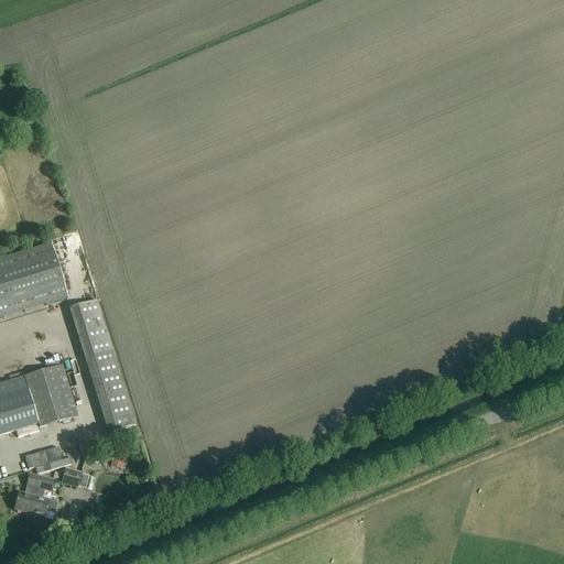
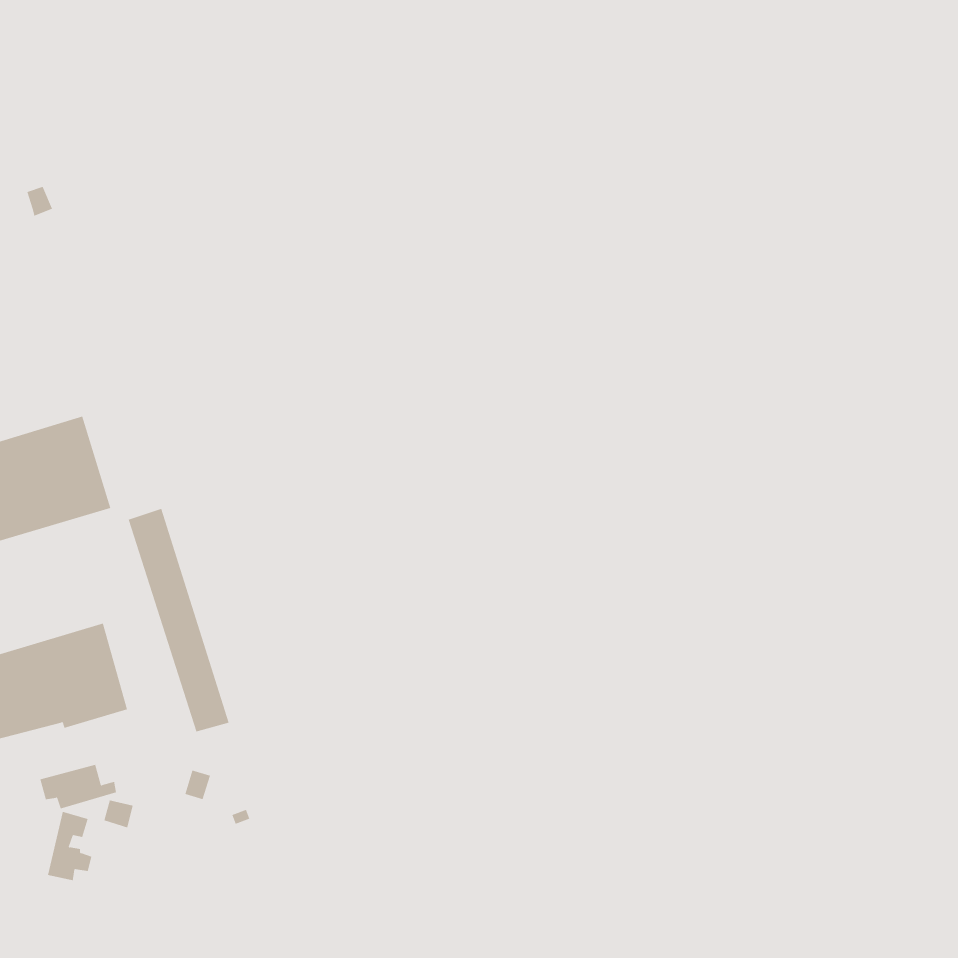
building: [12,473,36,512] -> none

